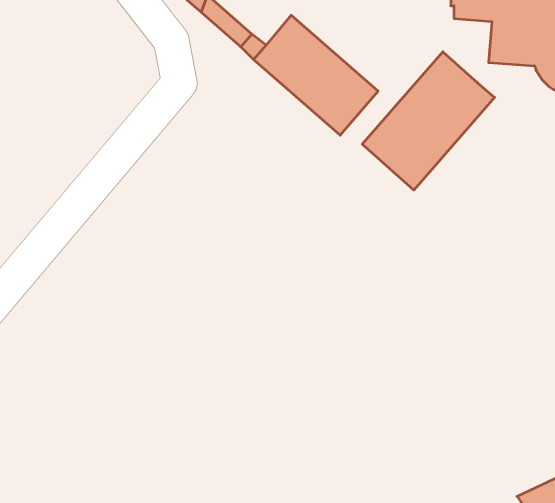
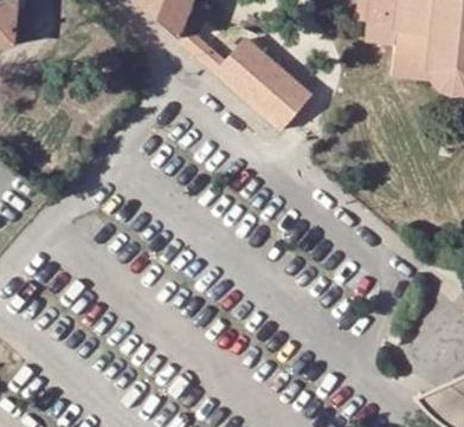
building: [362,52,495,190] -> none

